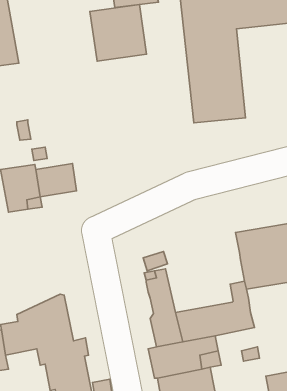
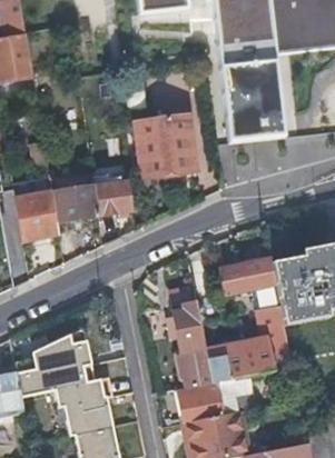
building: [90,5,147,61] -> [134,113,196,176]
building: none -> [92,180,131,216]
building: none -> [216,258,276,293]

